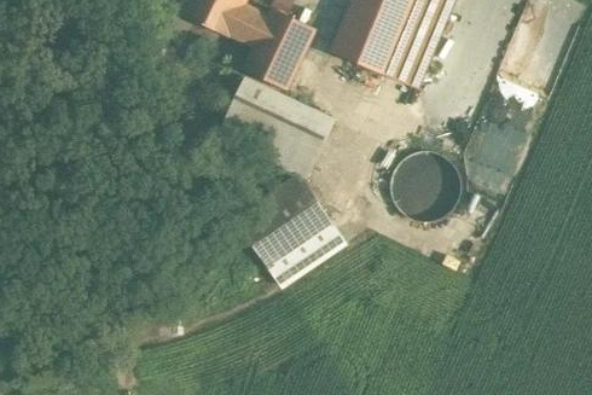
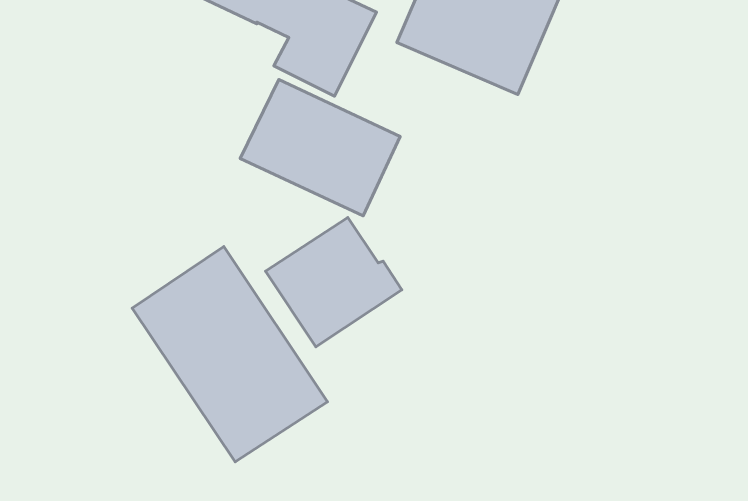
building: [391,147,458,215] -> none
building: none -> [132,246,328,462]

